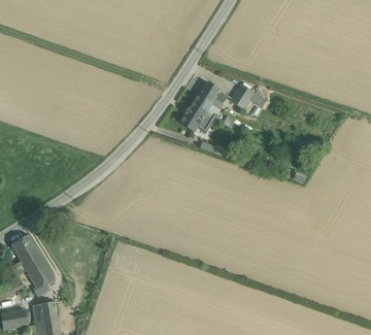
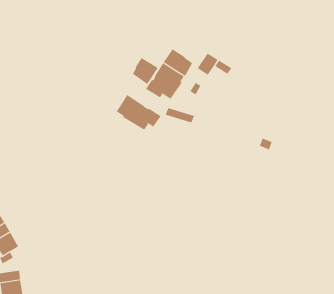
building: none -> [132,57,159,85]
building: none -> [116,94,161,131]

